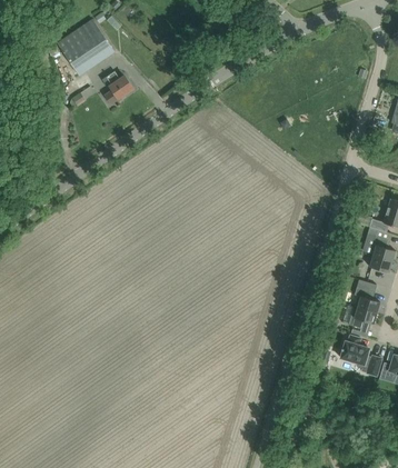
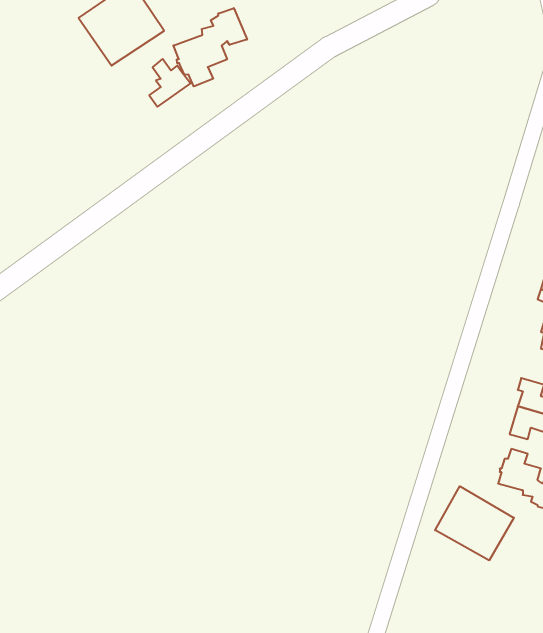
building: none -> [173,8,247,86]
building: none -> [435,486,514,560]

